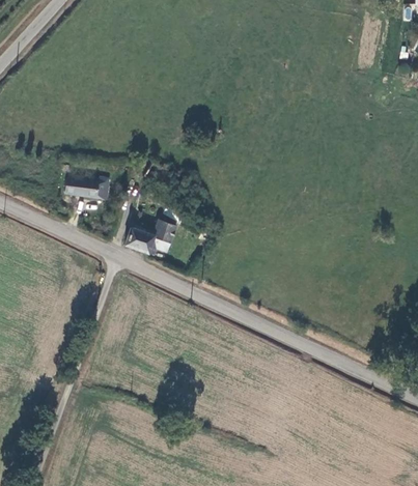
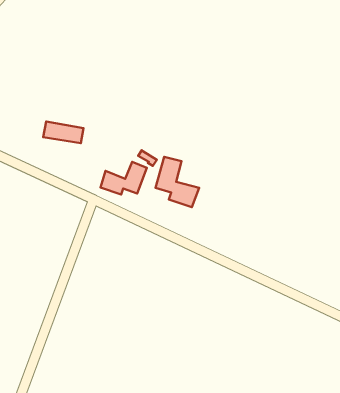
building: none -> [155,157,199,207]

